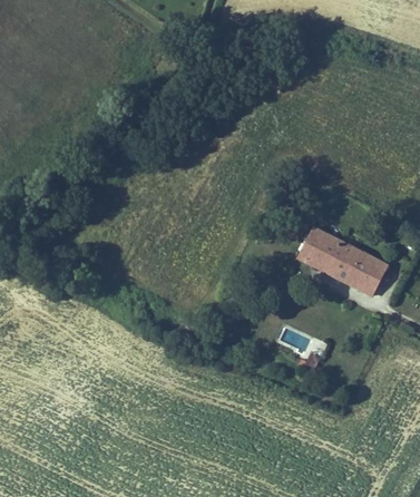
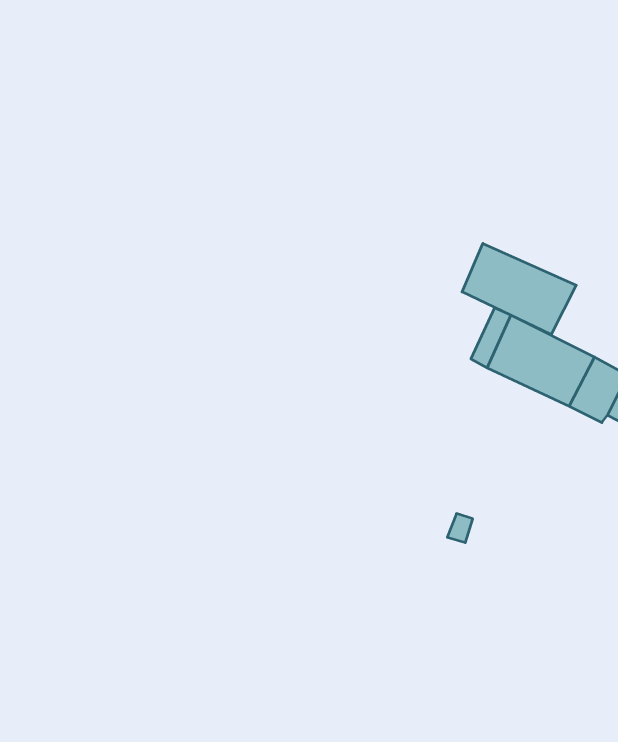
building: none -> [462,243,576,334]

